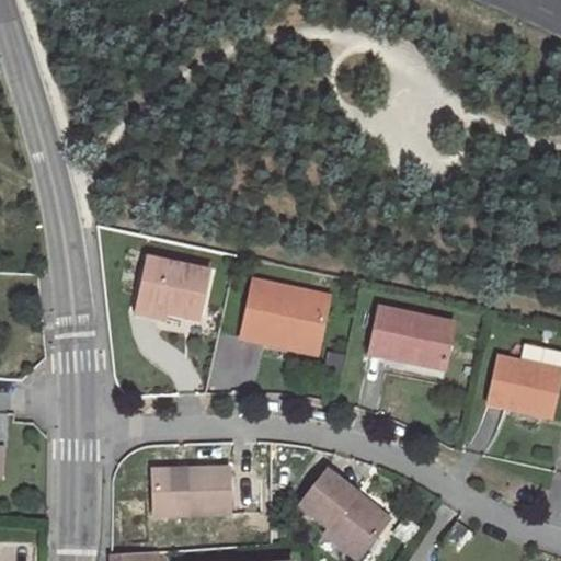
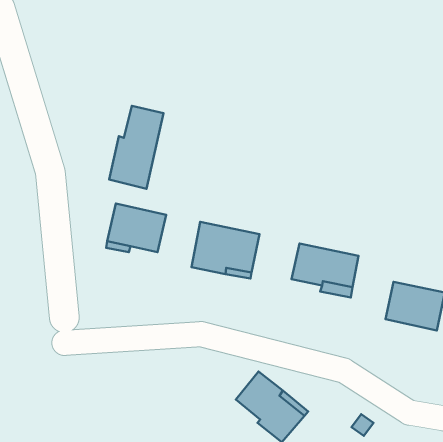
building: none -> [109,106,163,189]
building: [154,467,230,515] -> none

